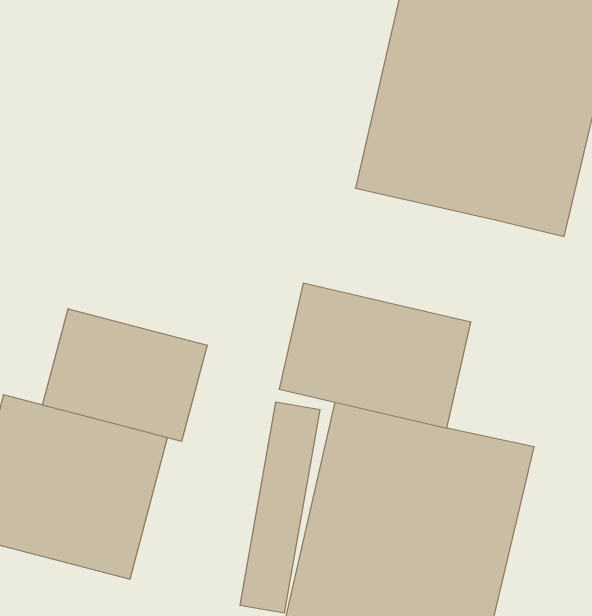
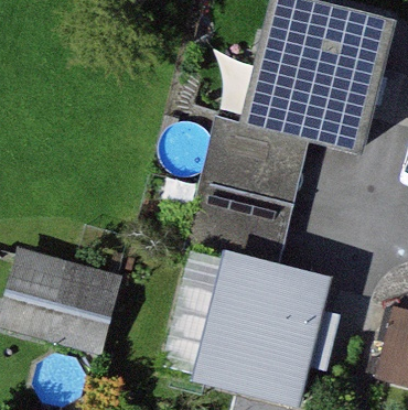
building: none -> [203,121,316,204]
building: [43,309,207,441] -> none

